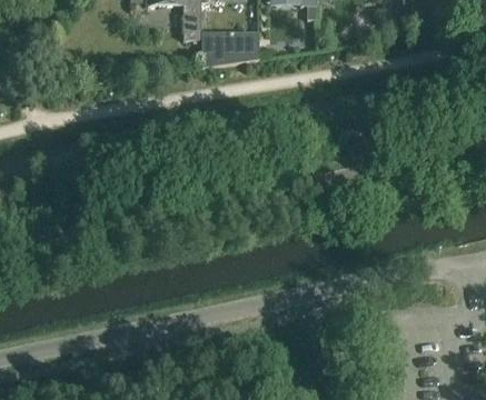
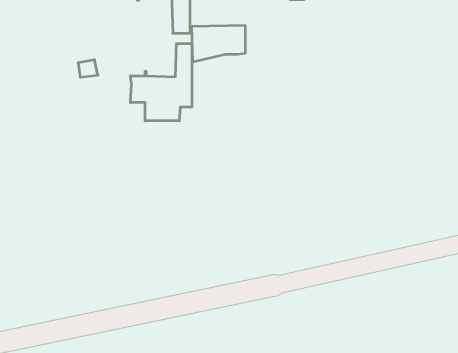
building: none -> [131,44,192,121]

